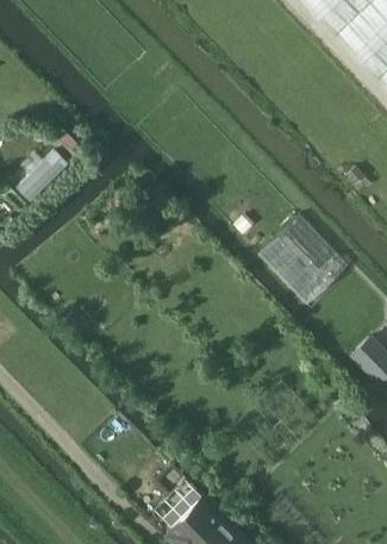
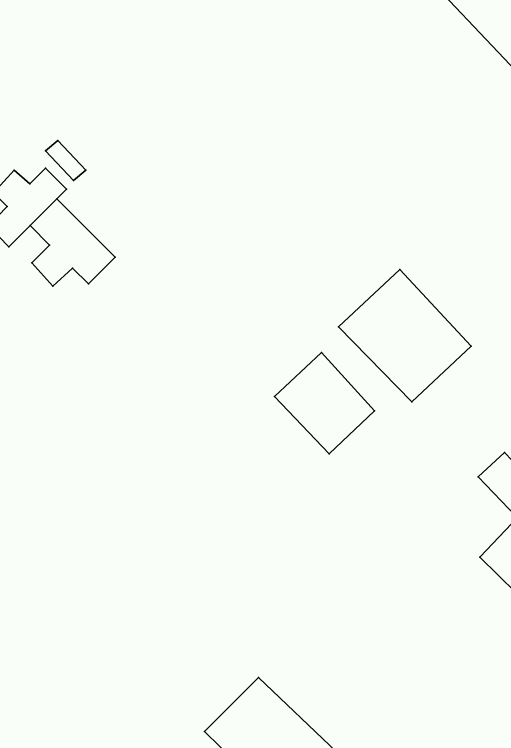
building: none -> [30,199,115,286]
building: none -> [275,353,374,454]

